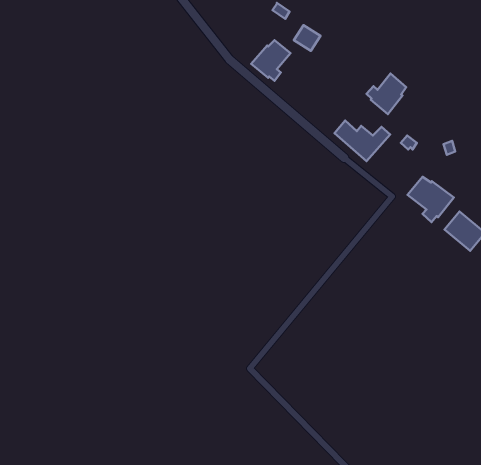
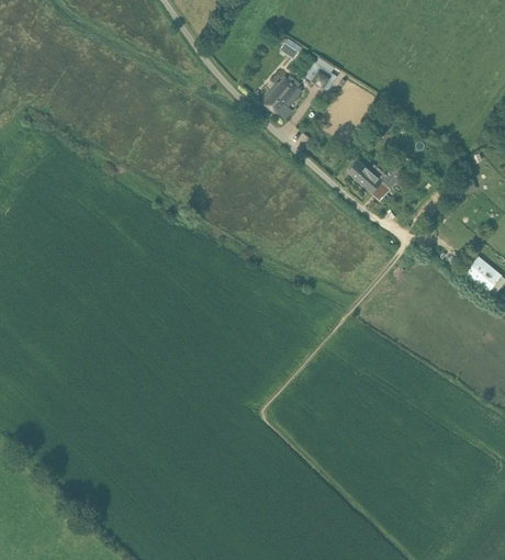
building: [366,74,406,114] -> none
building: [407,177,454,222] -> none

